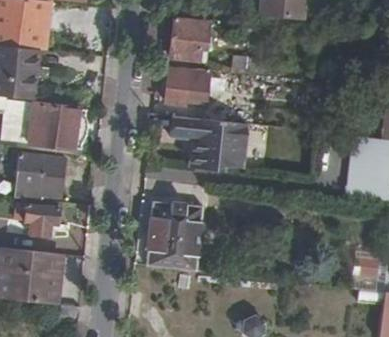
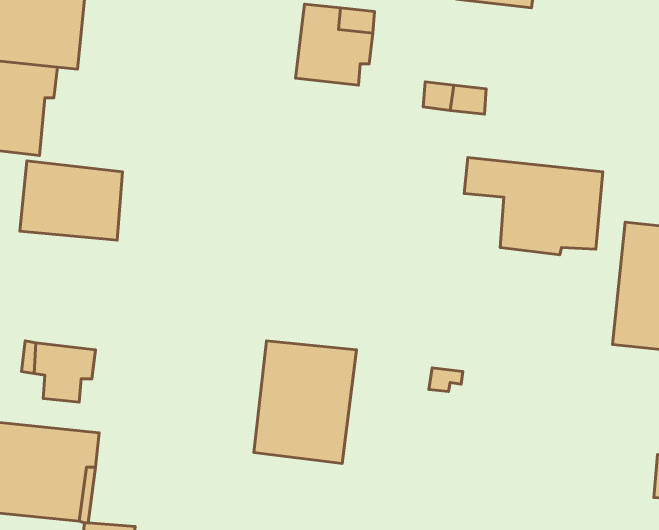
building: [164,67,209,110] -> none
building: [169,116,246,170] -> [464,157,603,255]
building: [14,153,64,200] -> none

